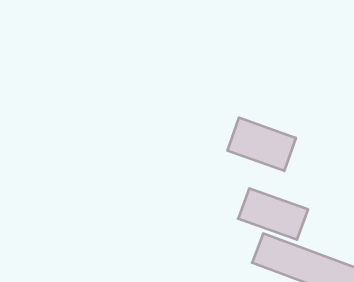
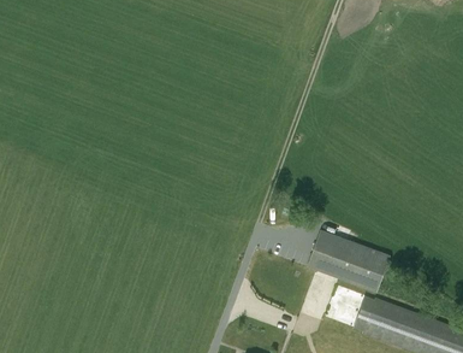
building: [228,118,296,171] -> none

